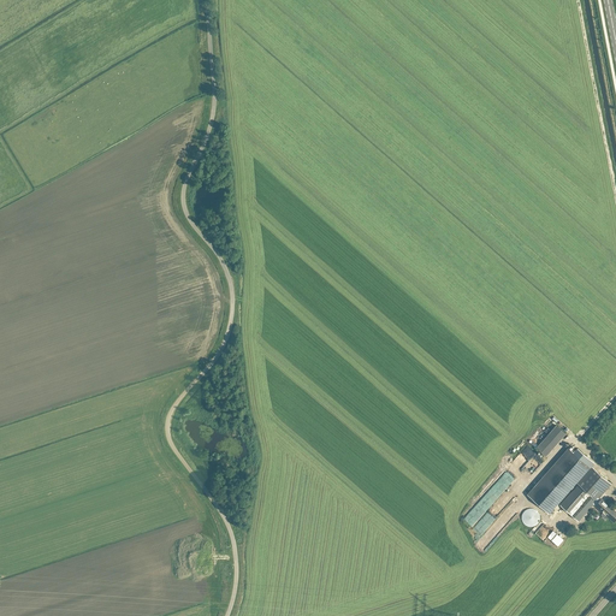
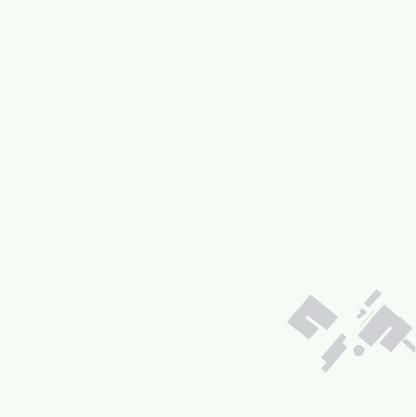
building: none -> [286,294,339,341]

